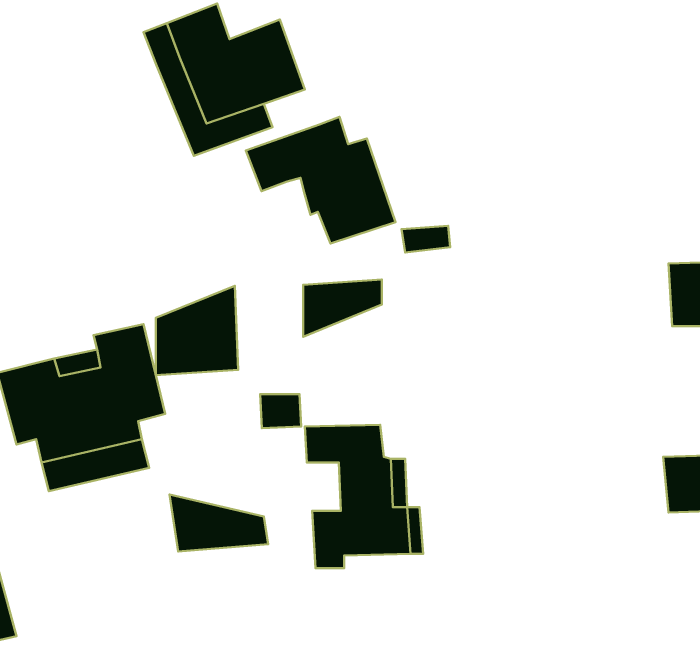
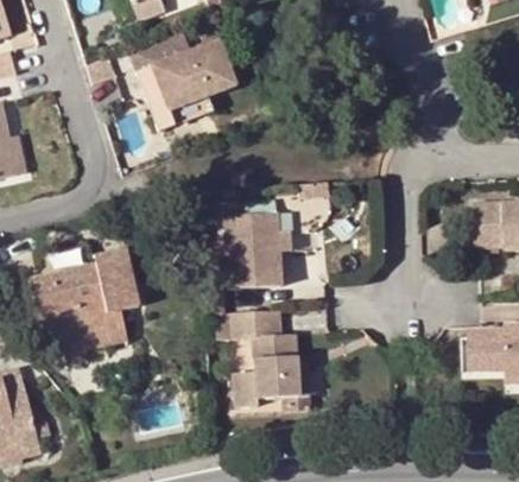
building: [246,117,395,244] -> none
building: [156,286,238,375] -> [230,230,285,290]
building: [169,495,268,552] -> none

